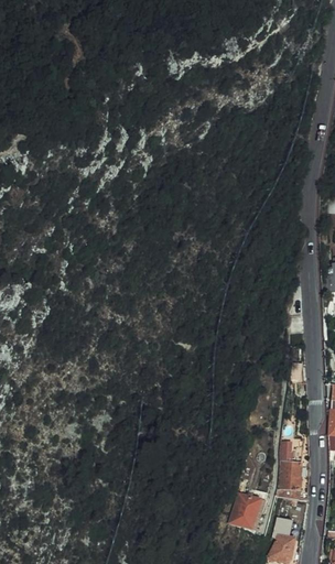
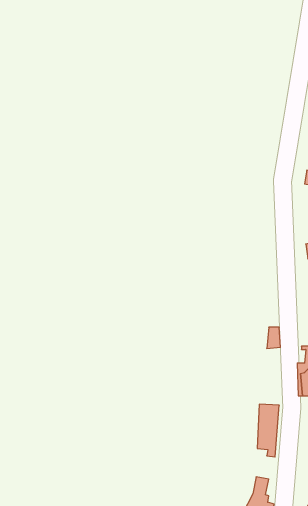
building: [227,492,264,531] -> none

